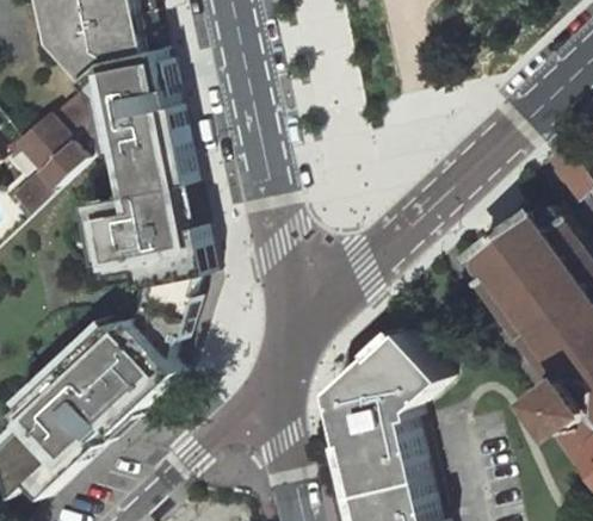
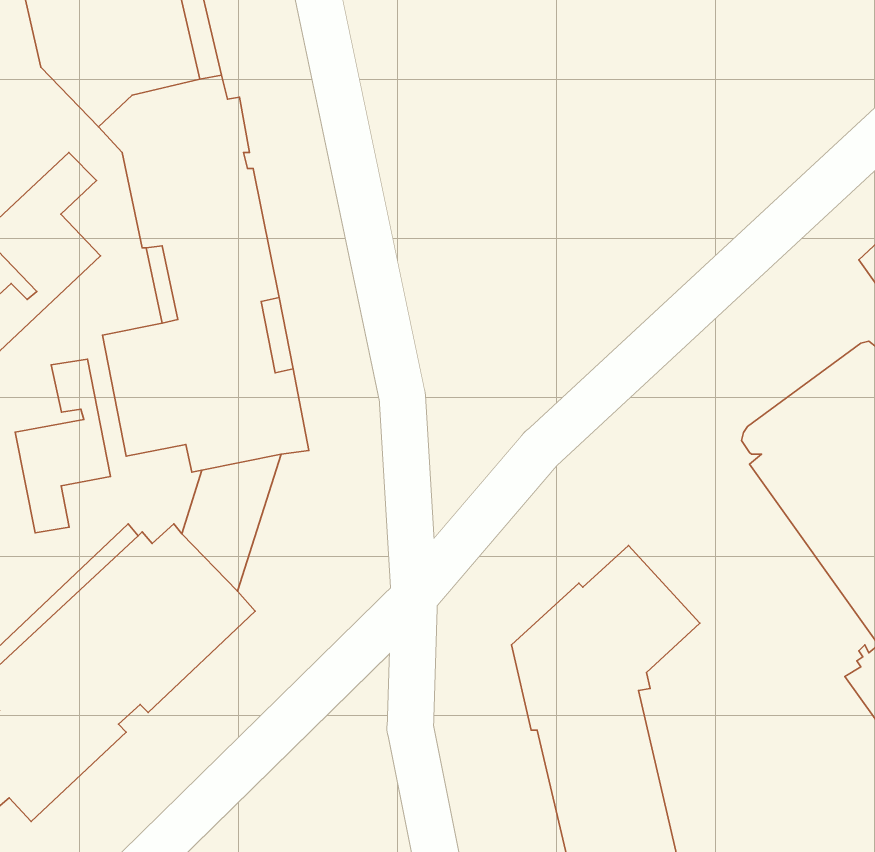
building: none -> [15,359,110,533]

